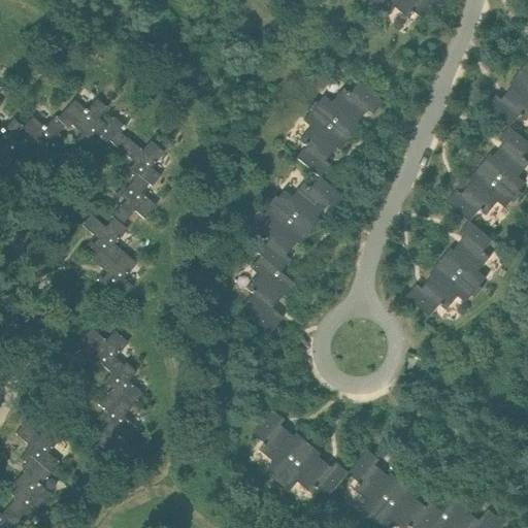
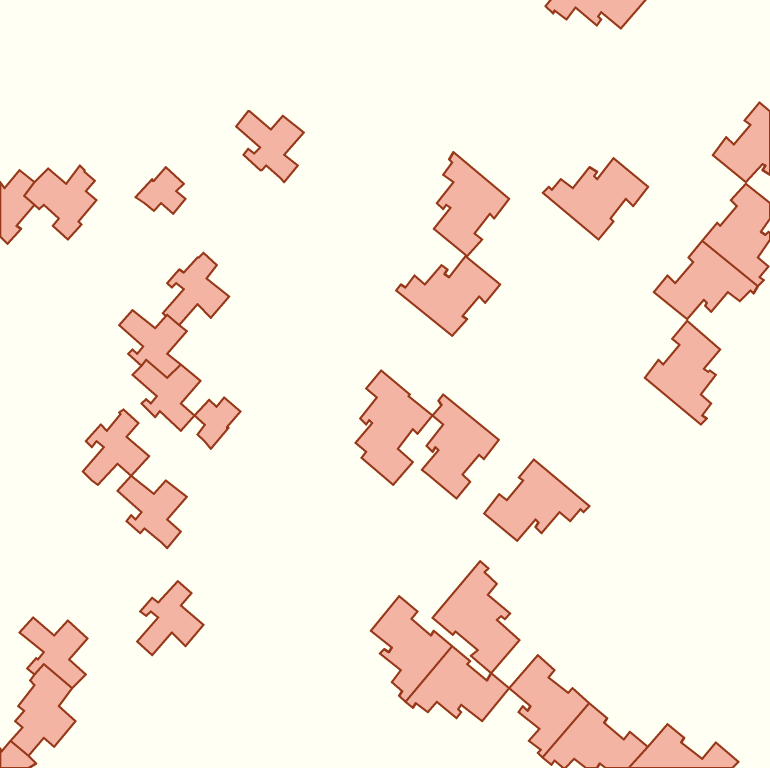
building: [310,80,383,136] -> [543,158,648,239]
building: [58,97,107,150] -> none
building: [119,136,165,185] -> [236,111,304,182]
building: [257,199,309,270] -> [422,395,499,498]
building: [407,259,480,315] -> [484,459,590,541]
building: none -> [194,398,240,449]
building: [98,361,143,412] -> [83,410,149,485]
building: none -> [433,561,520,673]

